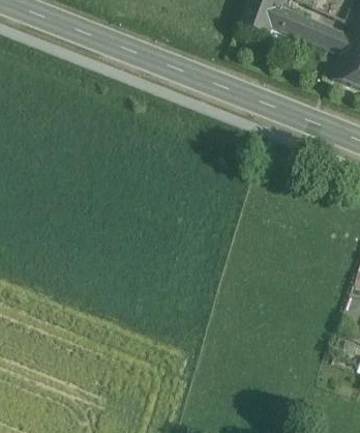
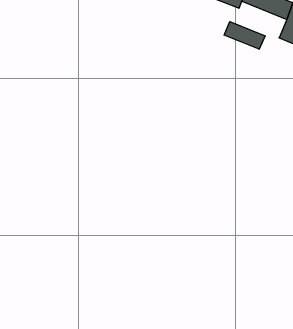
building: none -> [224,22,265,49]

